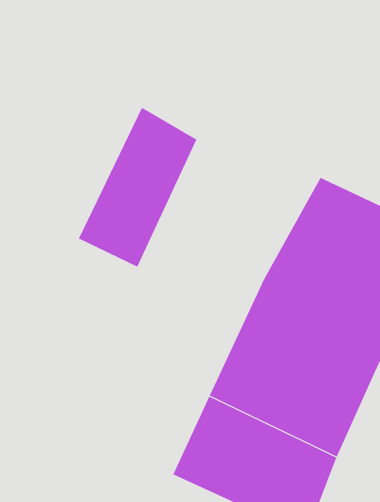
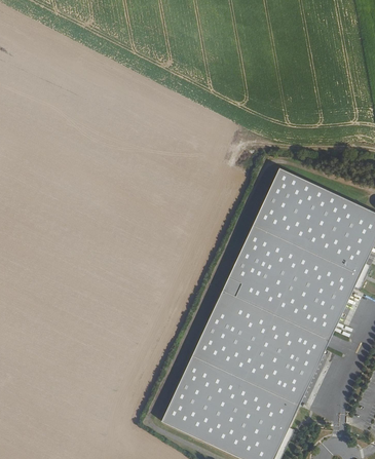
building: [78,107,197,267] -> none

